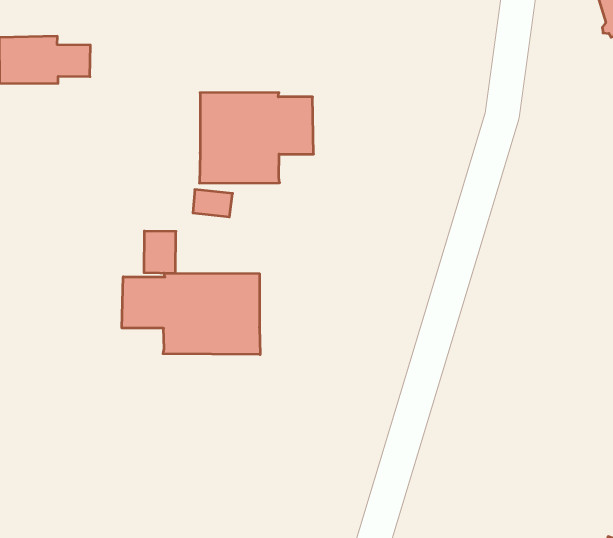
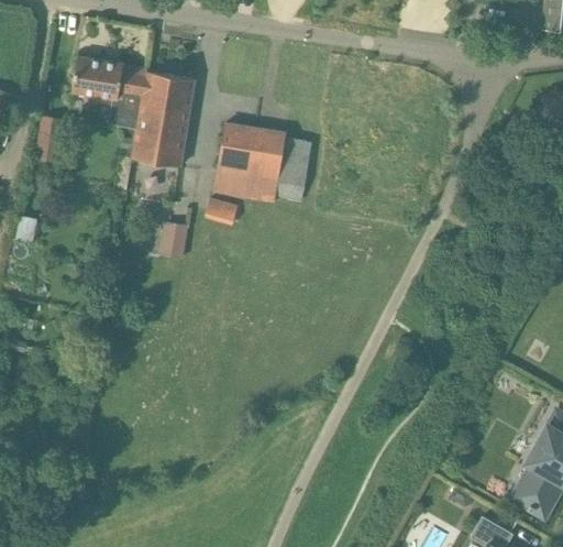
building: none -> [133,72,195,165]
building: [122,273,260,355] -> none

